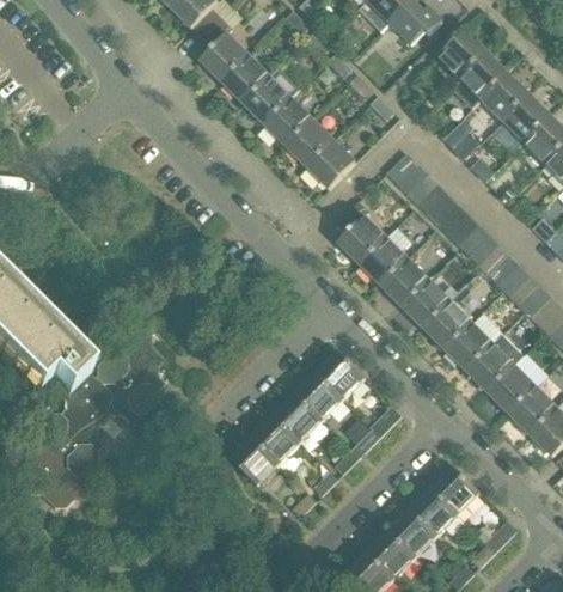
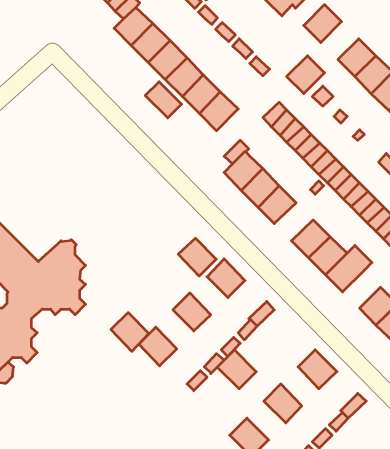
building: [460,51,508,99] -> [287,56,325,94]
building: none -> [145,82,182,118]
building: [402,280,451,328] -> none
building: [488,365,536,413] -> none
building: [295,373,343,421] -> [178,238,216,276]
building: [252,415,300,464] -> [111,313,149,351]
building: [410,487,458,536] -> none
building: [367,530,416,579] -> [217,350,256,389]

